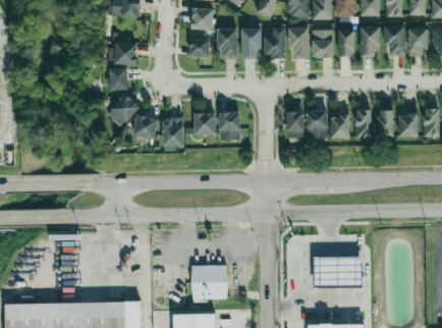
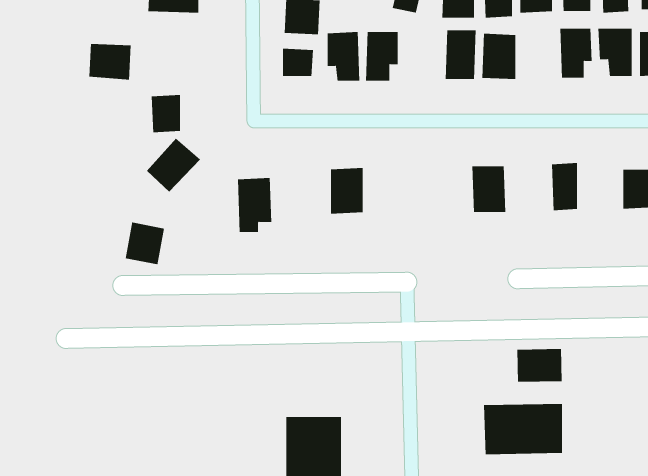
building: [264,28,285,57] -> none
building: [337,29,353,56] -> none
building: [110,42,136,64] -> [88,44,132,80]
building: [378,109,393,136] -> none
building: [286,110,303,136] -> none
building: [331,110,349,138] -> none
building: [192,112,215,133] -> none
building: [132,114,157,141] -> [125,222,165,265]
building: none -> [517,348,562,383]

